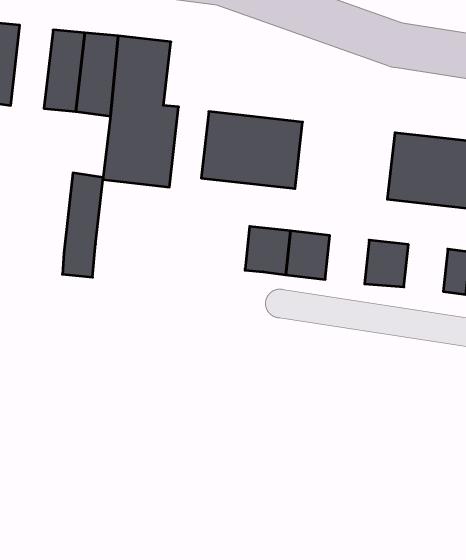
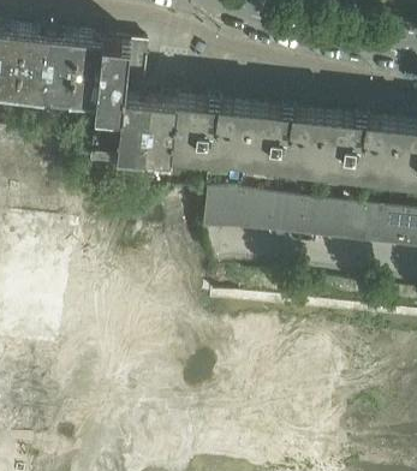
building: none -> [17,26,50,93]
building: none -> [243,103,322,165]
building: [62,173,103,277] -> [142,91,174,174]
building: none -> [267,193,302,232]
building: none -> [329,201,364,238]

